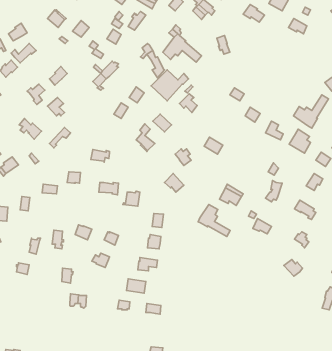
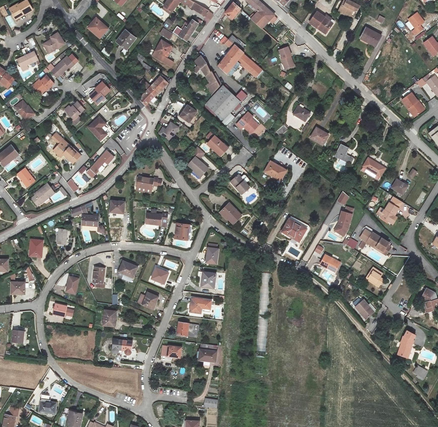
building: [294,95,328,128] -> none
building: [198,205,230,236] -> none

